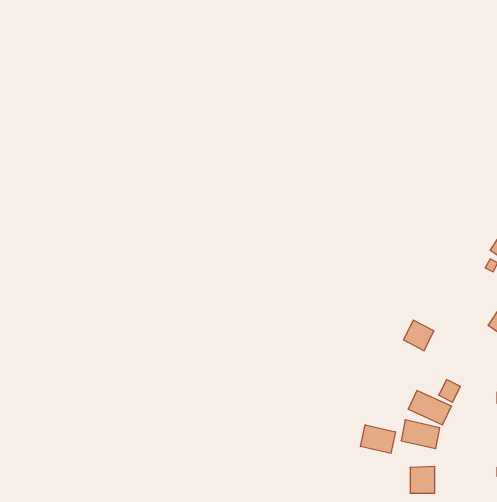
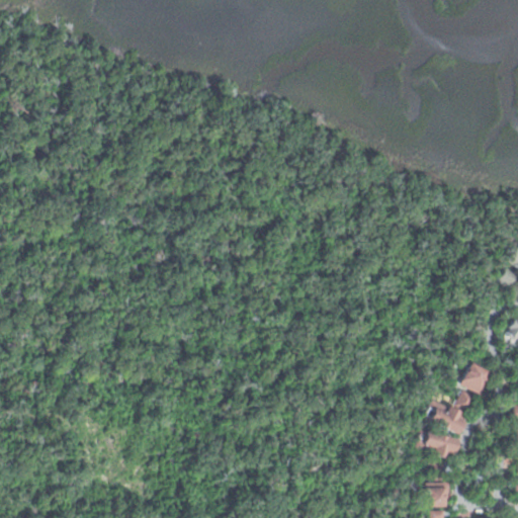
building: [403,320,434,351] -> [463,361,495,393]
building: [360,425,396,453] -> none

